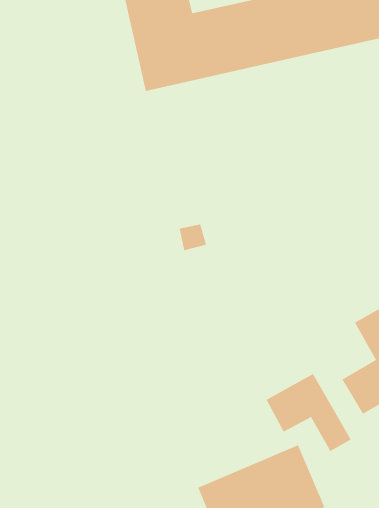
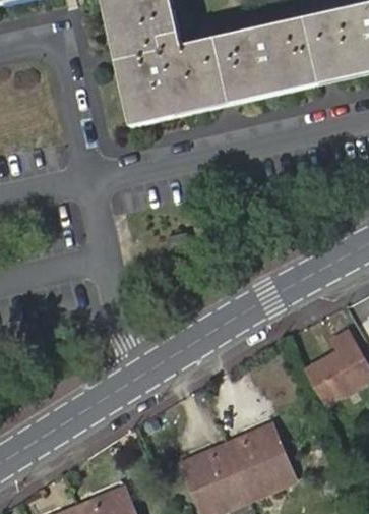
building: [266,373,351,452] -> none

